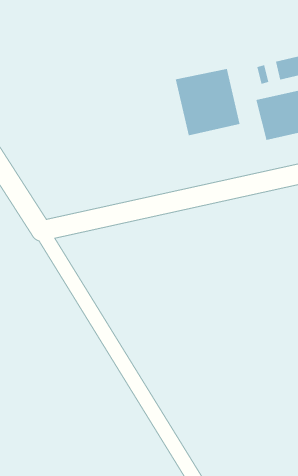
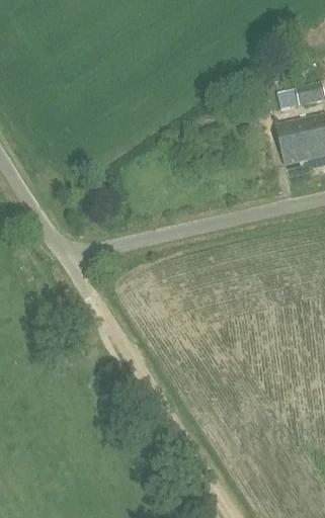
building: [175,68,240,136] -> none

